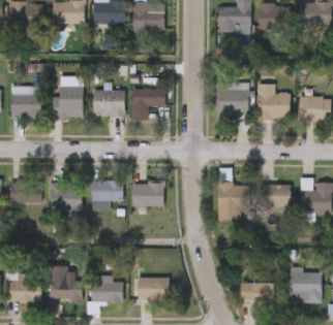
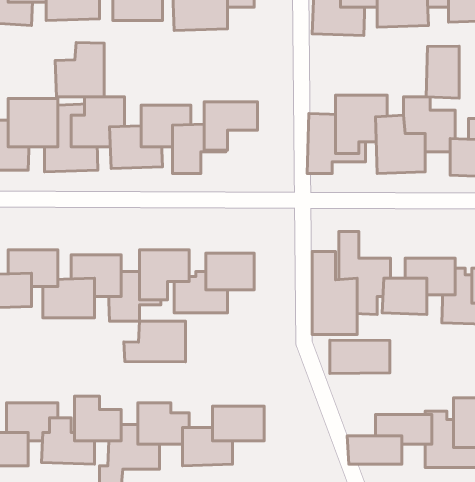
building: none -> [55,42,104,97]
building: none -> [426,46,459,98]
building: none -> [124,321,185,362]
building: none -> [330,340,390,374]

